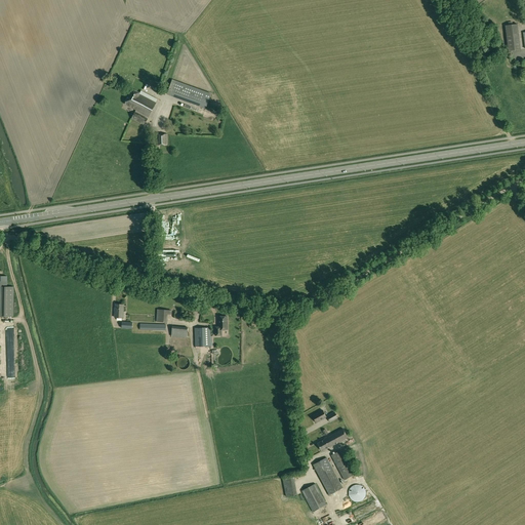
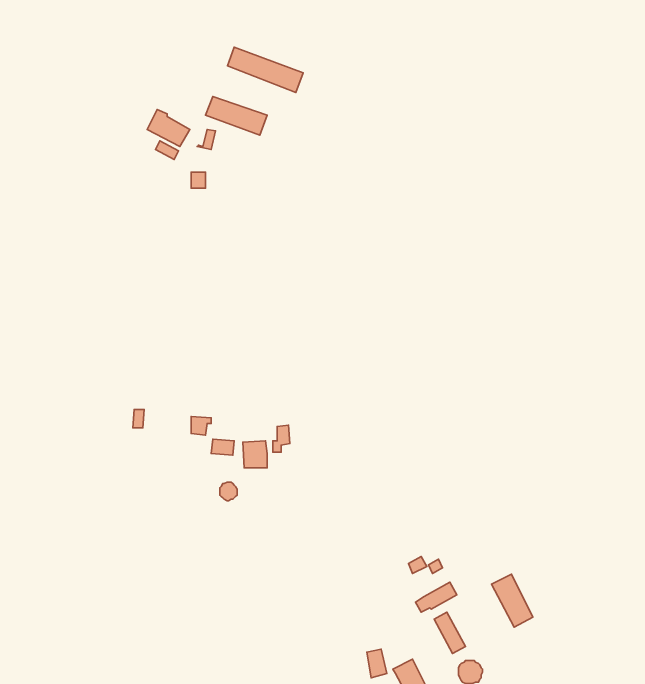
building: none -> [228,47,303,92]
building: [313,457,342,495] -> [491,574,533,627]

